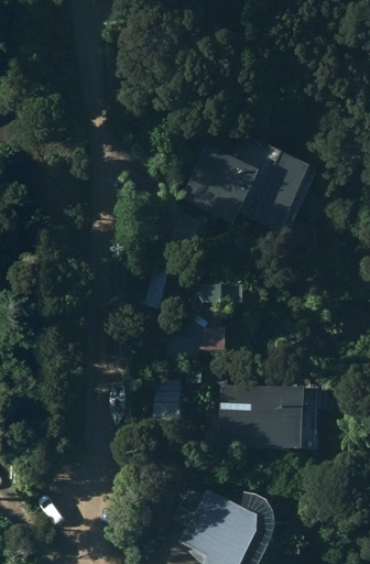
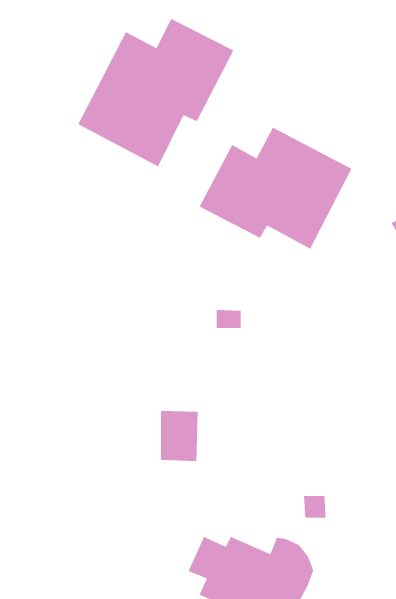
building: none -> [77,18,234,167]
building: [221,388,305,449] -> none

